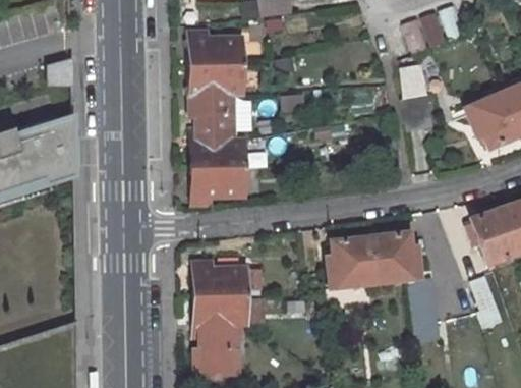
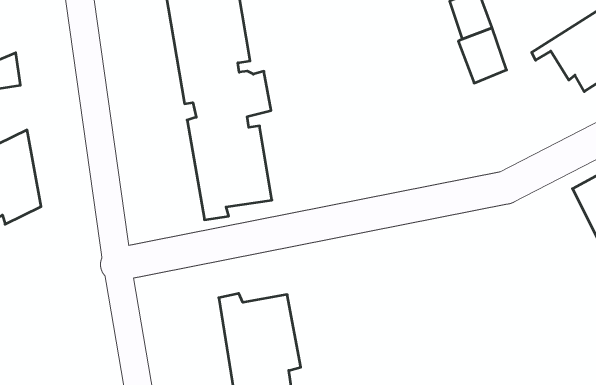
building: [314,234,430,290] -> none

